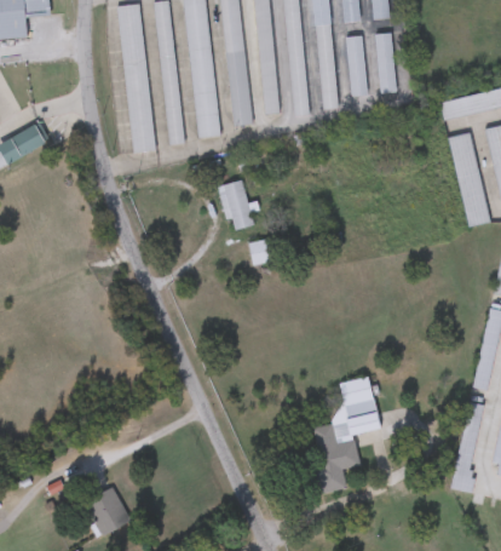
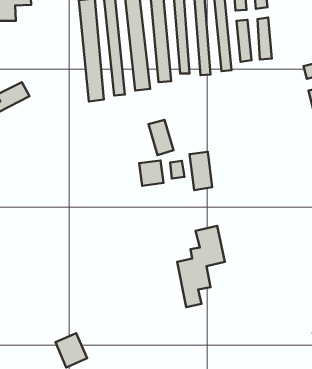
building: none -> [189,152,212,190]
building: none -> [139,161,164,186]
building: [311,375,380,493] -> [177,226,225,307]

